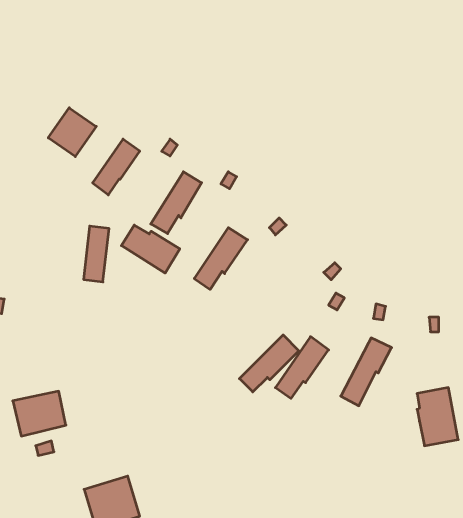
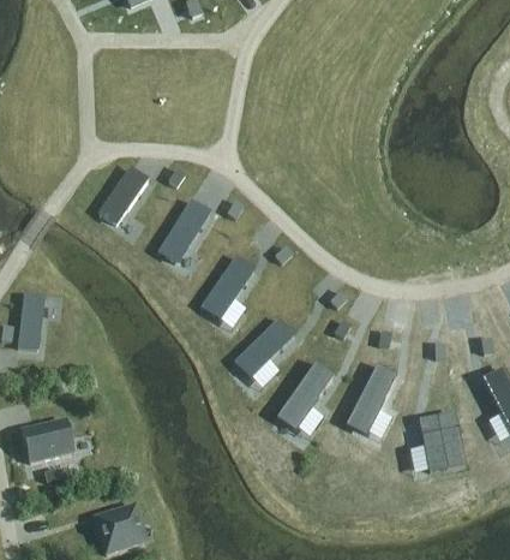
building: [48,108,96,157] -> none
building: [121,225,180,273] -> none
building: [84,226,109,282] -> [18,293,43,348]
building: [239,335,299,392] -> [235,317,294,374]

